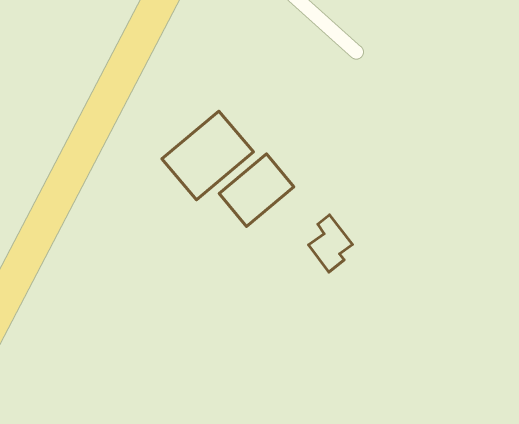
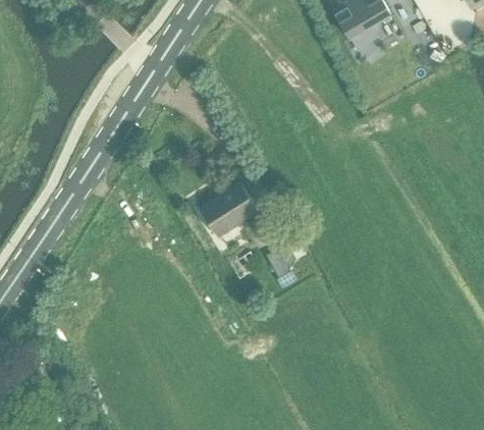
building: [162,111,254,200] -> none

